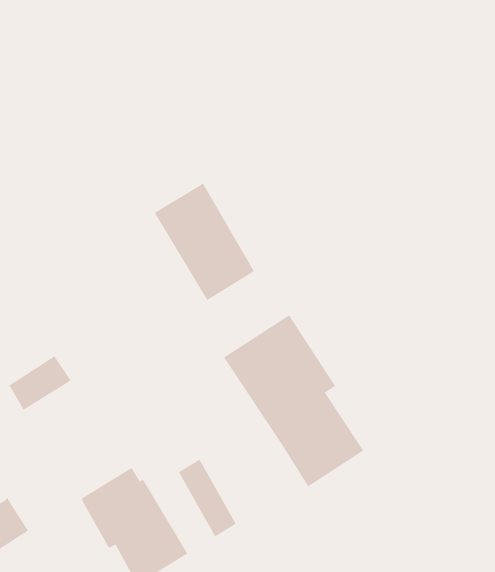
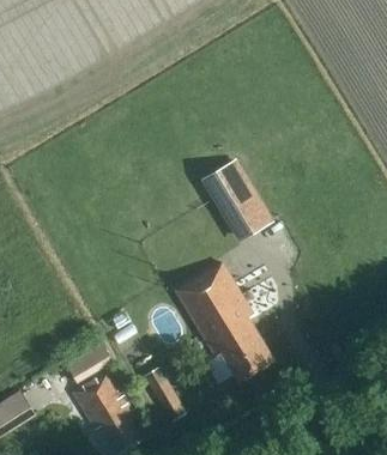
building: [154,183,255,301] -> [196,154,270,239]
building: [8,356,71,410] -> [66,344,111,383]

